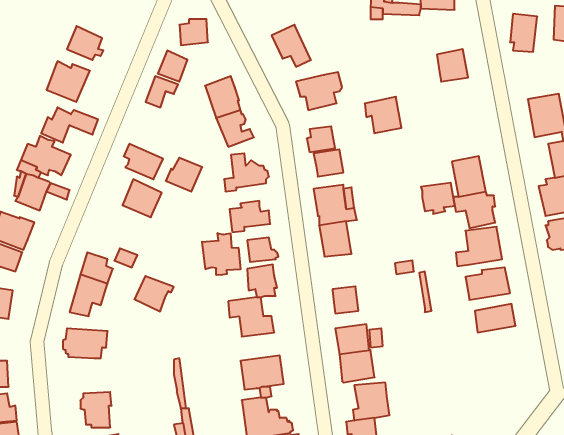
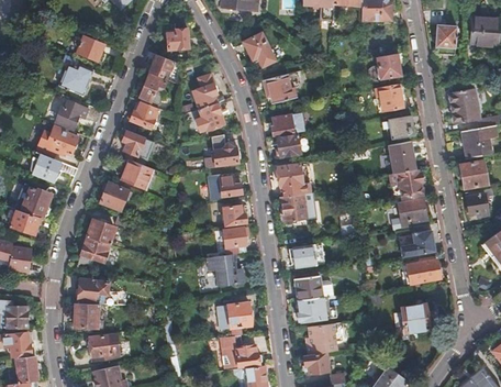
building: [365,97,401,133] -> [374,82,403,112]
building: [166,158,202,192] -> [130,101,159,129]
building: [421,183,455,214] -> [387,115,414,141]
building: [202,233,240,275] -> none
building: [134,276,174,311] -> [100,183,132,211]
building: none -> [73,302,101,328]
building: none -> [401,302,435,332]

